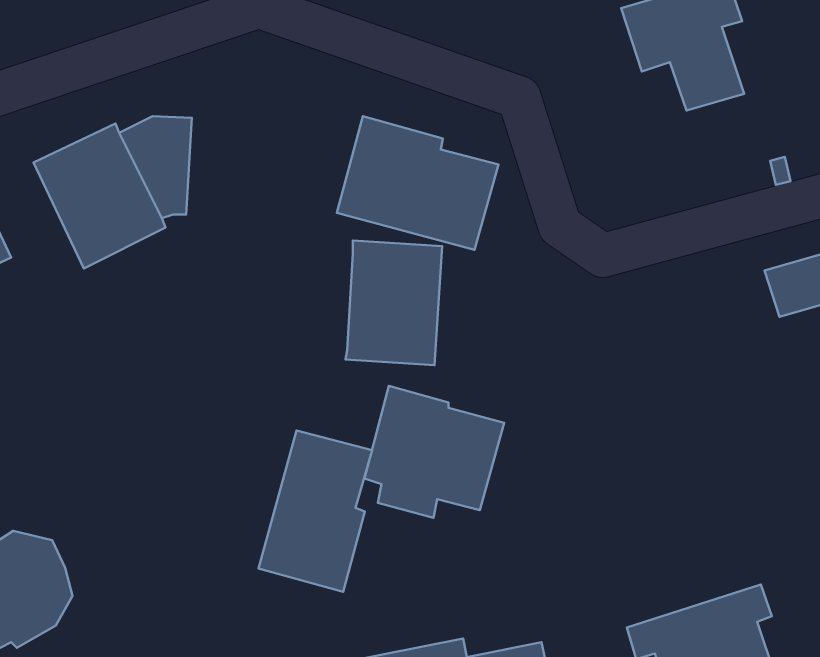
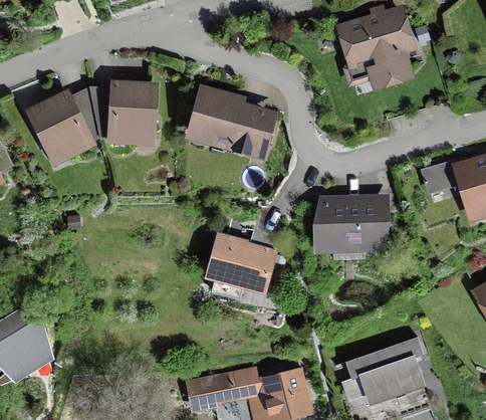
building: [345,241,442,365] -> [106,79,159,147]
building: none -> [312,193,392,256]
building: [258,431,372,592] -> none

